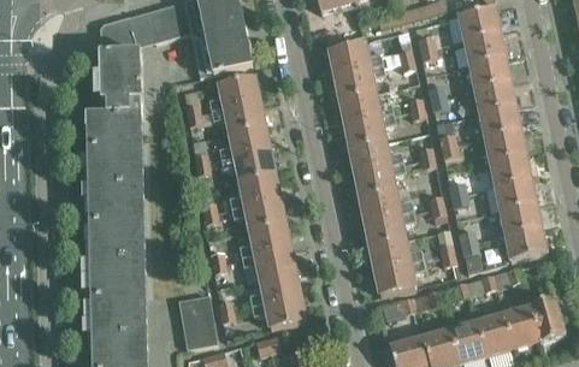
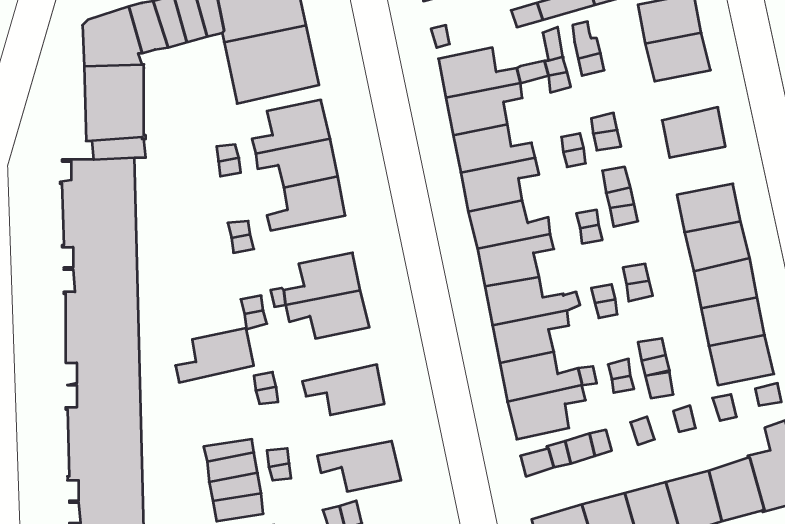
building: [469,55,510,88] -> none
building: [479,105,520,136] -> none
building: [221,149,274,180] -> none
building: [240,221,290,256] -> [175,328,254,382]
building: [250,271,300,304] -> none

